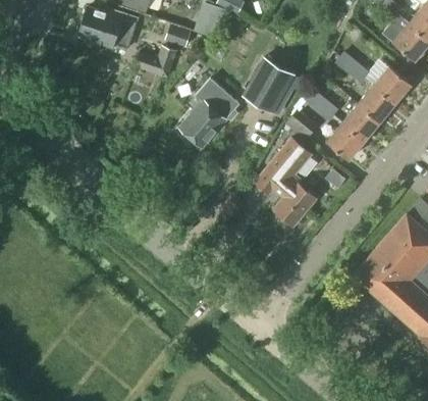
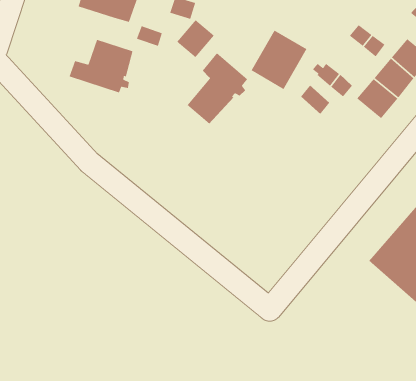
building: none -> [176,19,215,58]
building: none -> [69,39,133,93]
building: [326,122,365,160] -> none
building: [257,139,317,227] -> none

